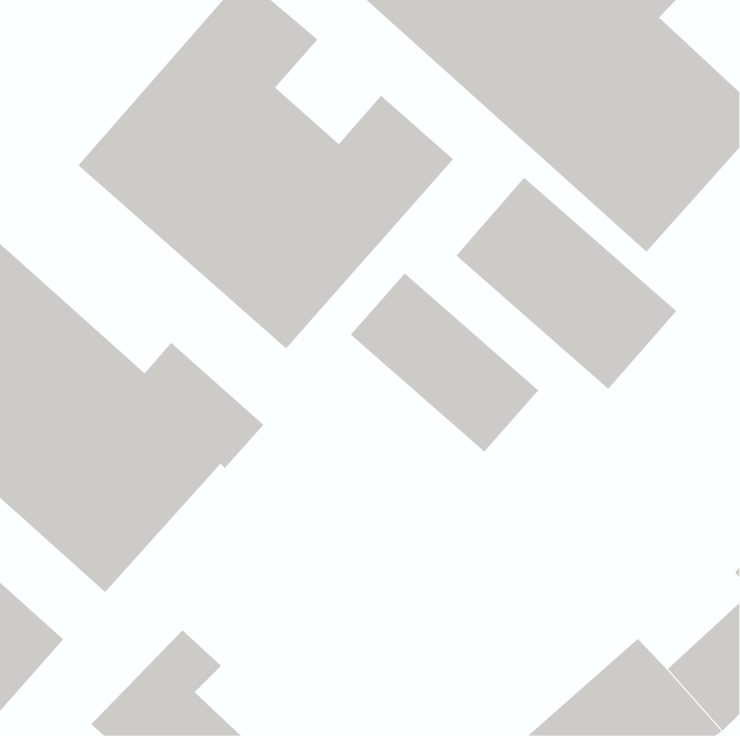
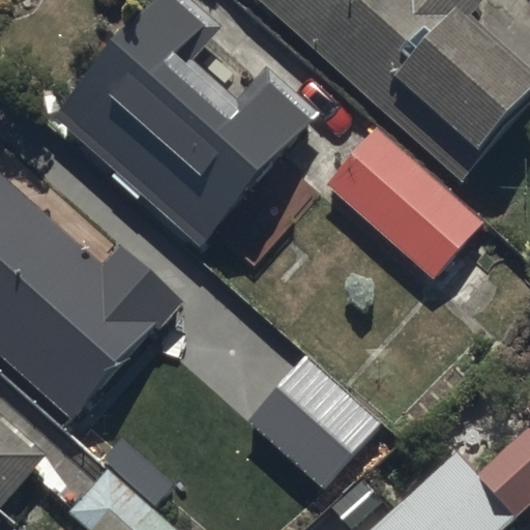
building: [350,273,539,453] -> none
building: none -> [246,358,377,487]

